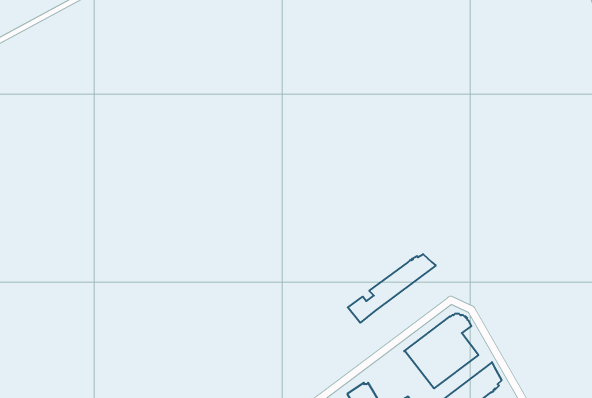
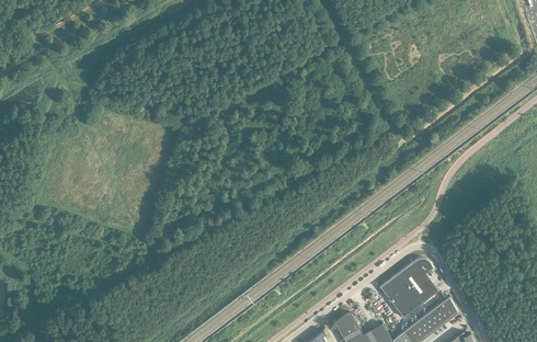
building: [348,254,436,323] -> none

